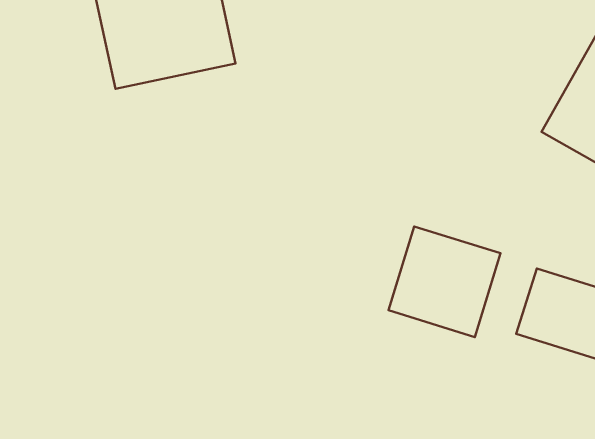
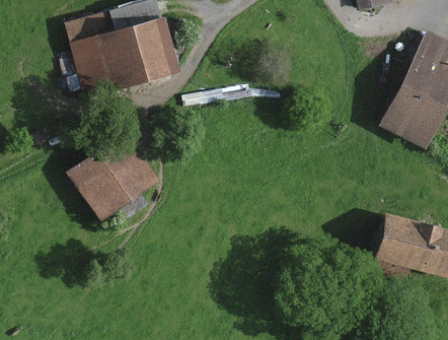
building: none -> [70,138,155,220]
building: [389,226,500,337] -> none

